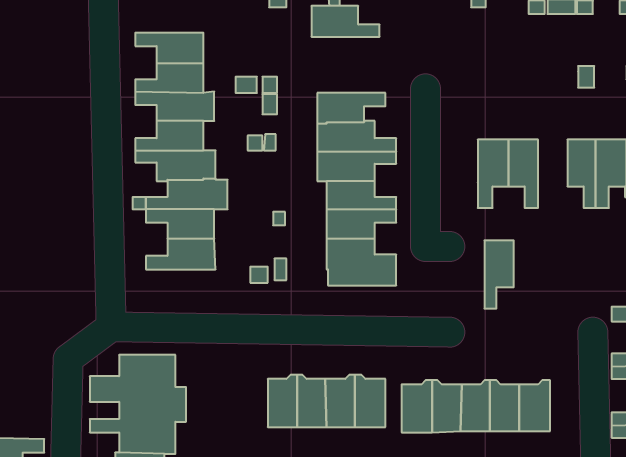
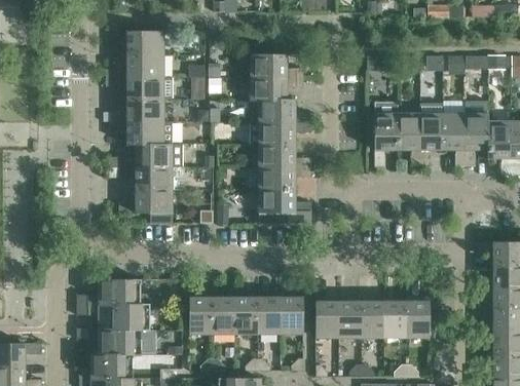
building: [311,6,380,37] -> [251,53,303,77]
building: [484,240,514,309] -> [420,113,443,165]
building: none -> [189,294,213,334]

